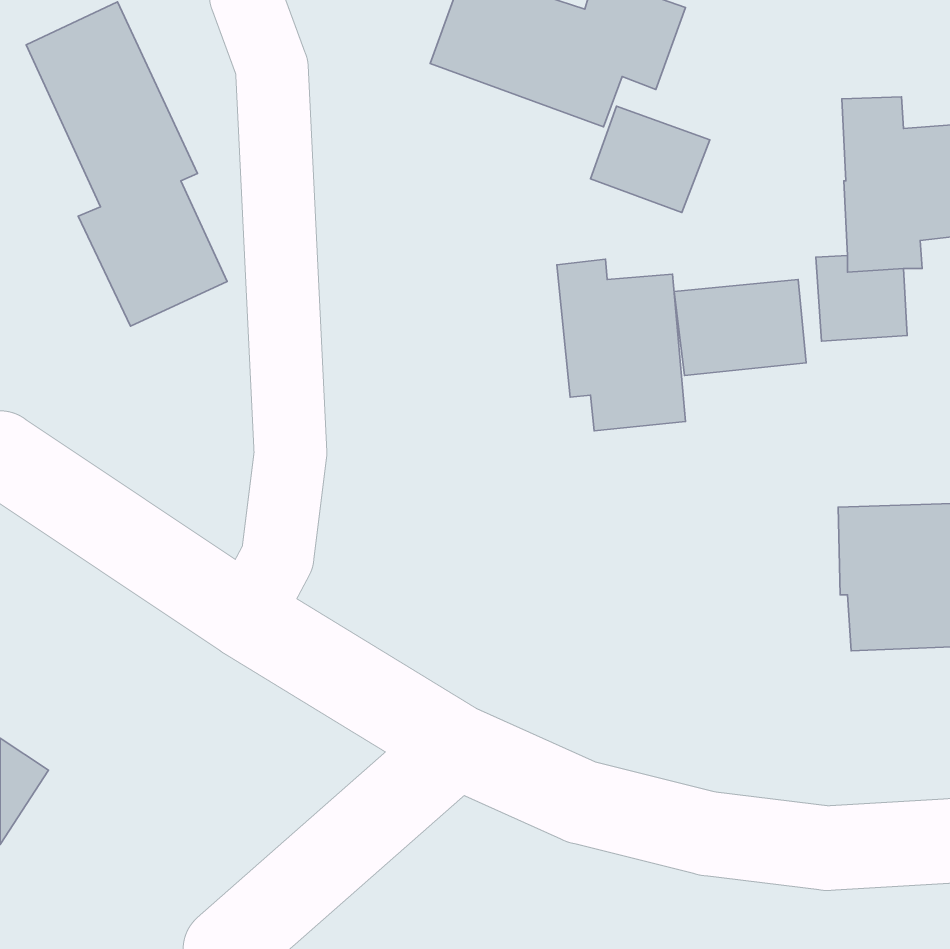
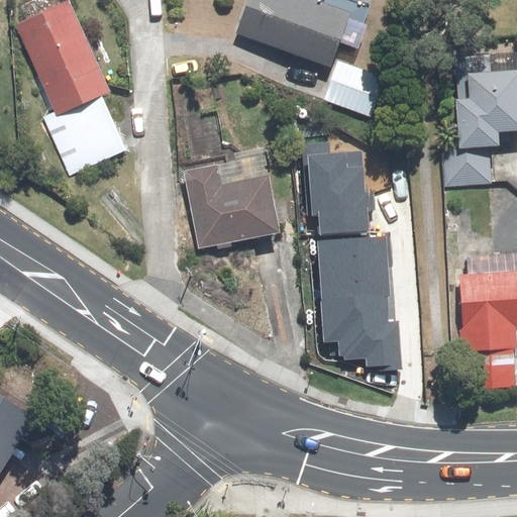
building: [674,279,806,376] -> none
building: none -> [180,151,275,249]
building: none -> [318,234,403,370]

